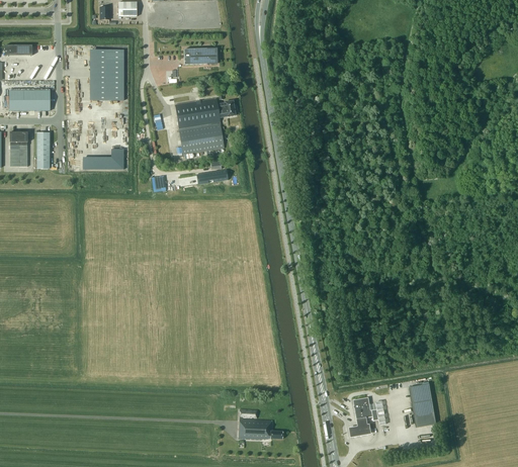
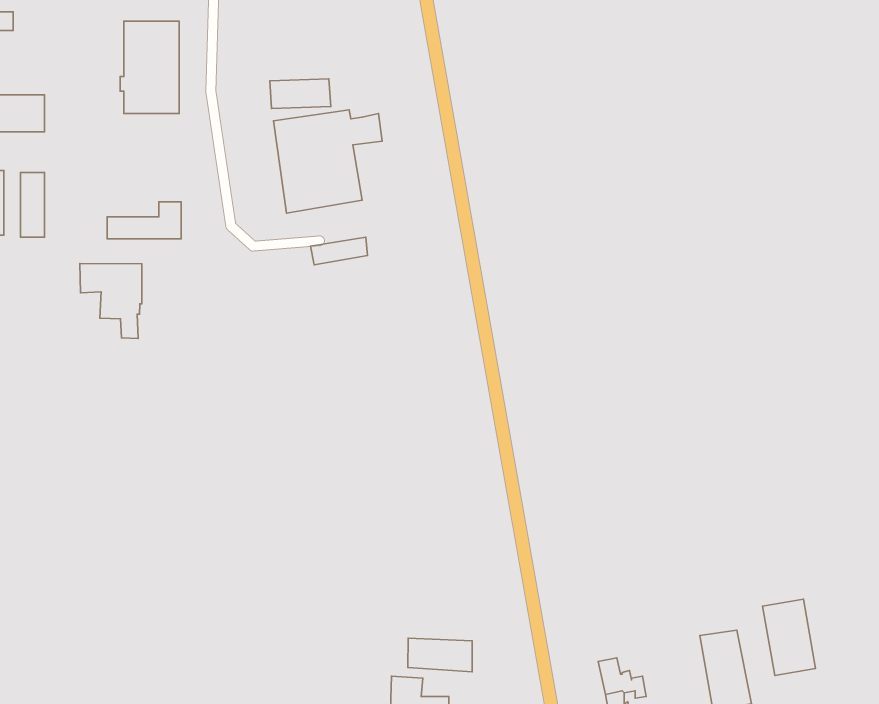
building: [183,49,217,65] -> [270,79,331,108]
building: none -> [80,263,142,339]
building: none -> [763,599,816,676]
building: none -> [408,638,472,672]

